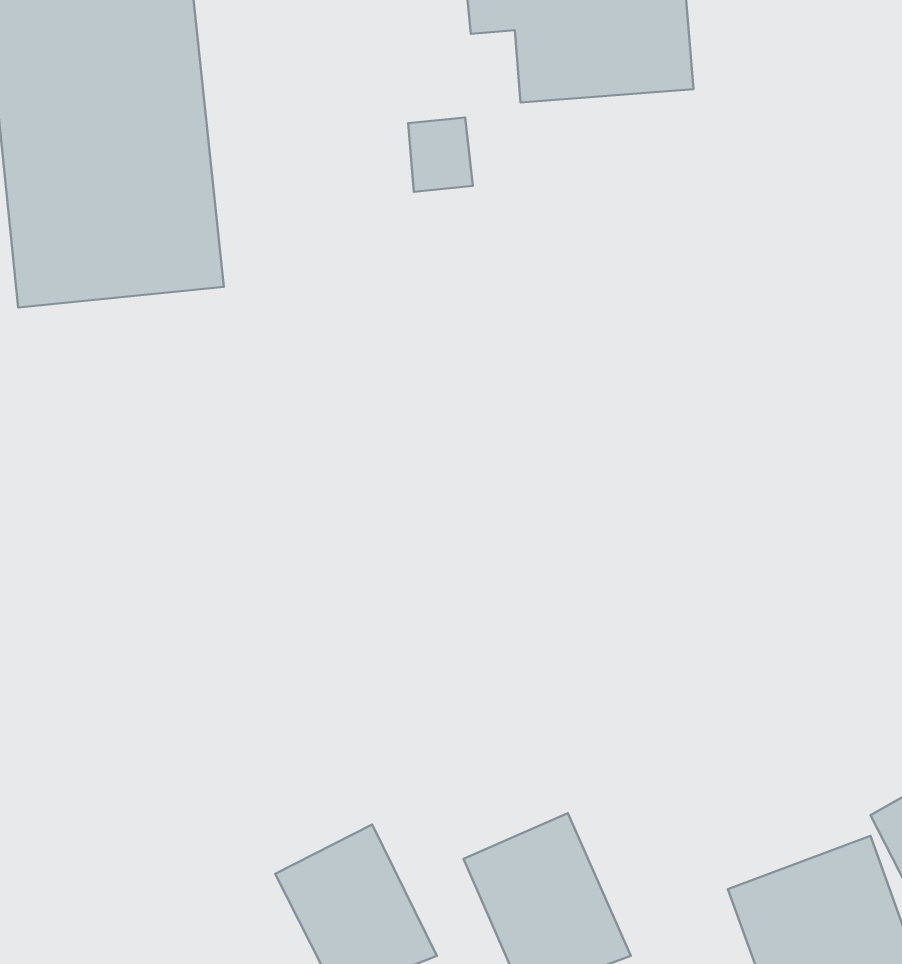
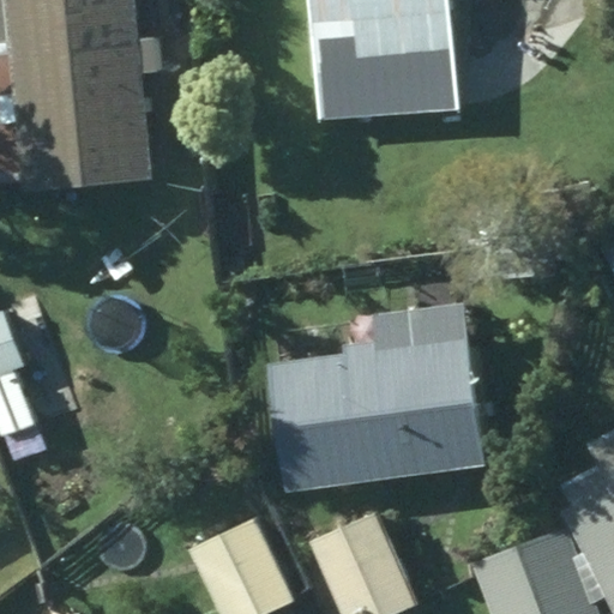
building: none -> [273,338,492,492]

